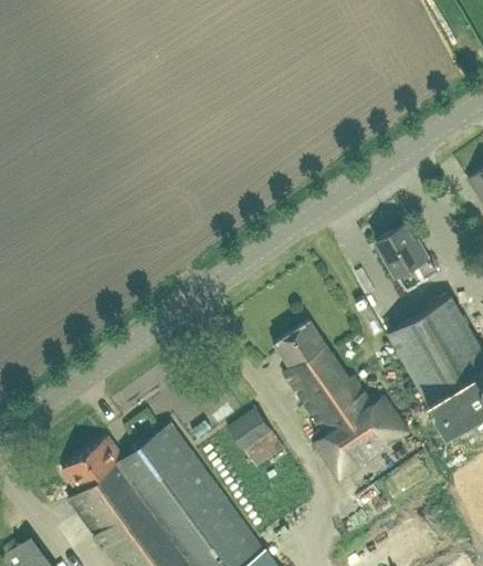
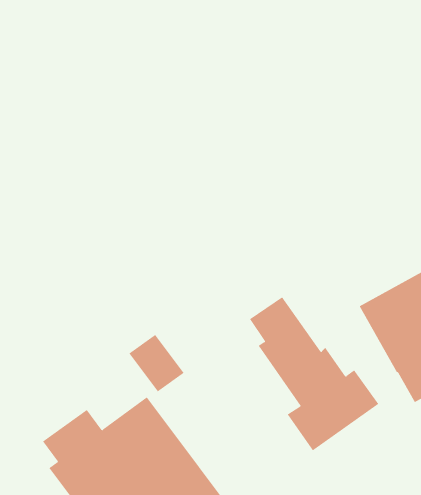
building: [377,224,439,291] -> none
building: [227,407,284,467] -> [129,334,184,392]

